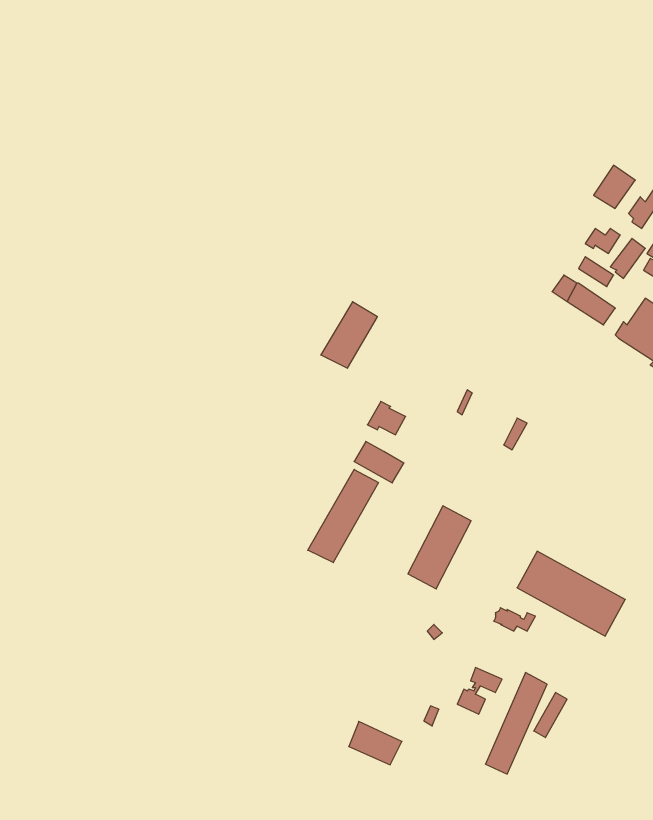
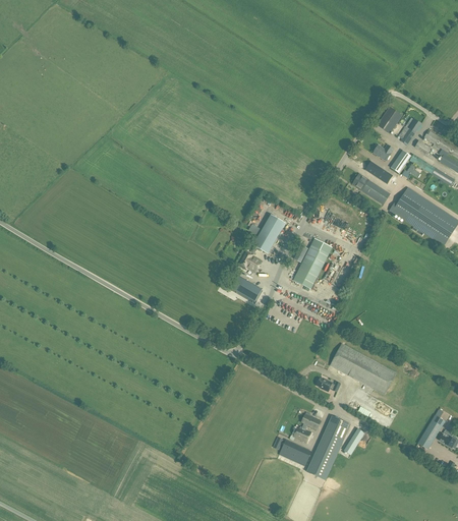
building: [321,302,377,368] -> [251,212,286,252]
building: [308,469,378,563] -> none
building: [408,506,471,589] -> [294,236,333,287]
building: [349,721,402,765] -> [279,439,311,465]

